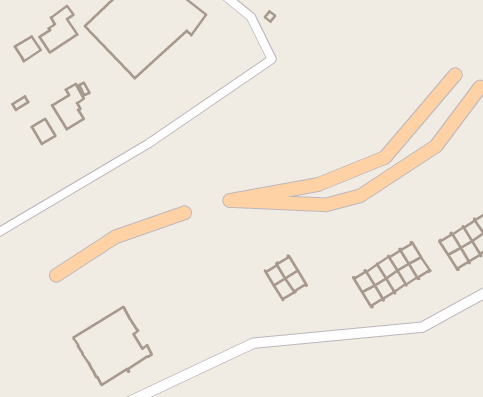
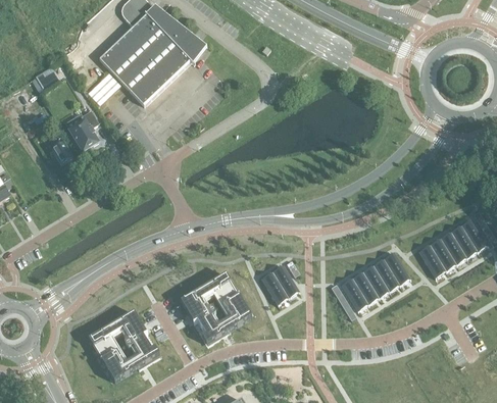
building: [39,6,77,52] -> none
building: none -> [181,271,251,342]

